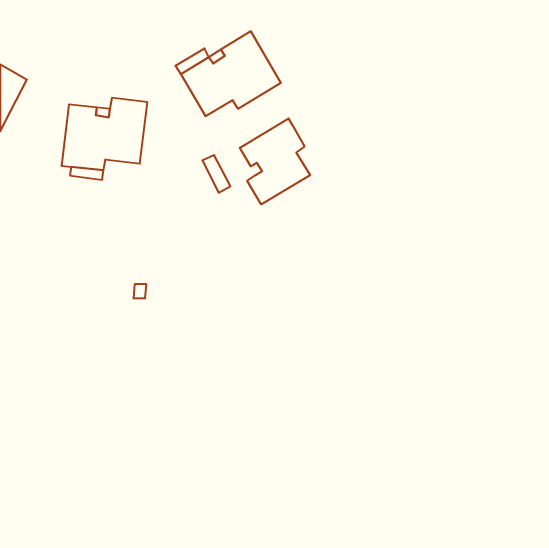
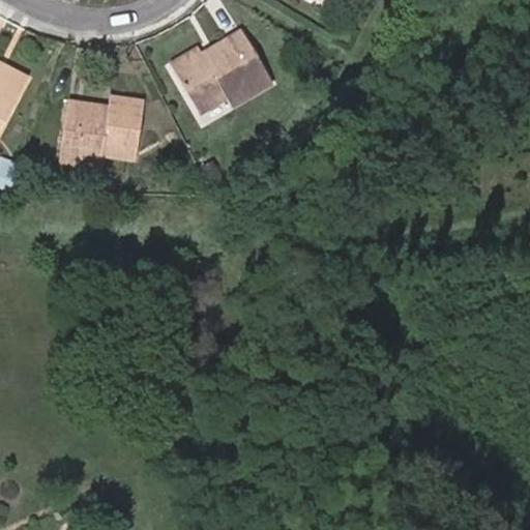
building: [240,118,310,204] -> none

